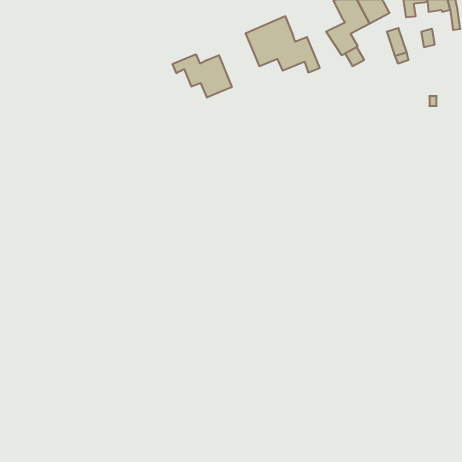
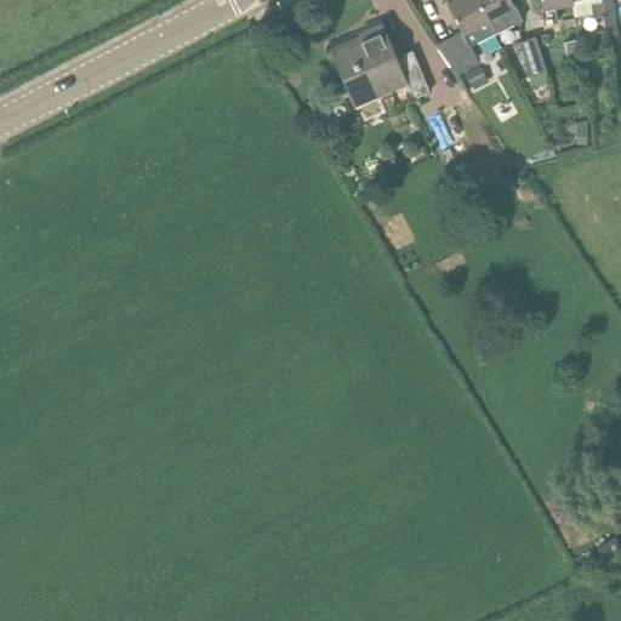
building: [173,54,232,98] -> none

